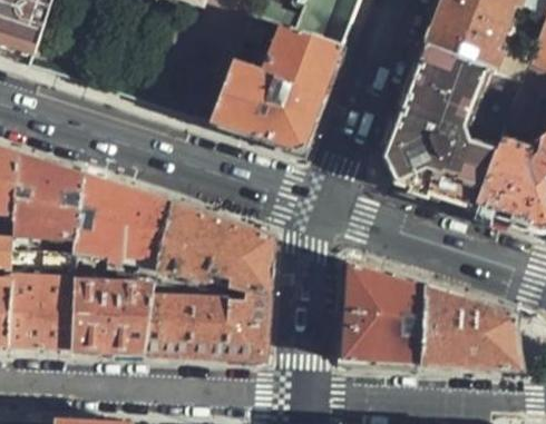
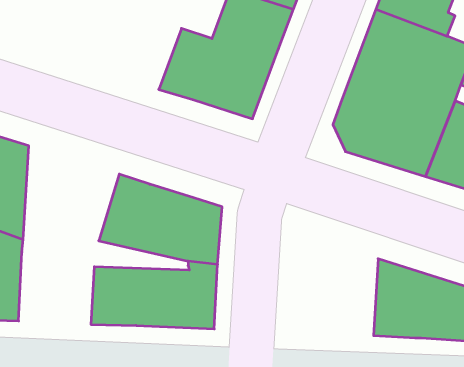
building: [78,176,173,277] -> none
building: [344,262,428,363] -> none
building: [74,280,149,352] -> none

